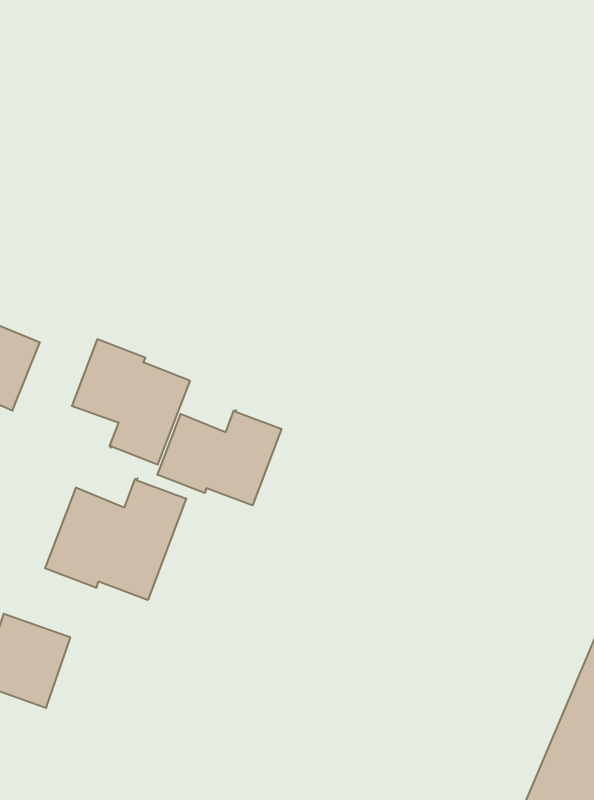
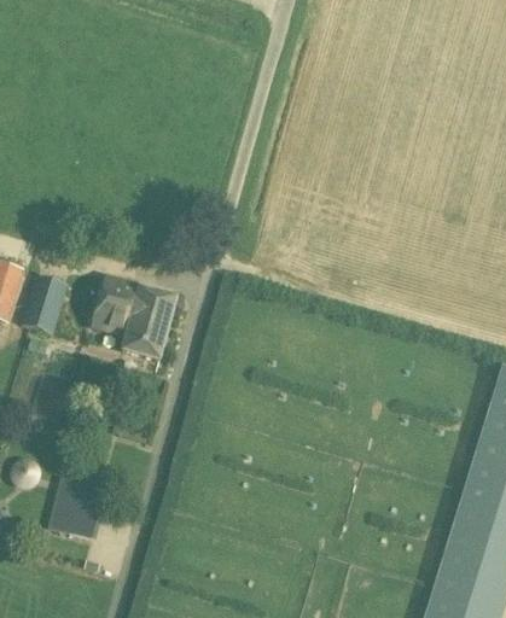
building: [157,410,281,505] -> none
building: [45,478,186,600] -> none

